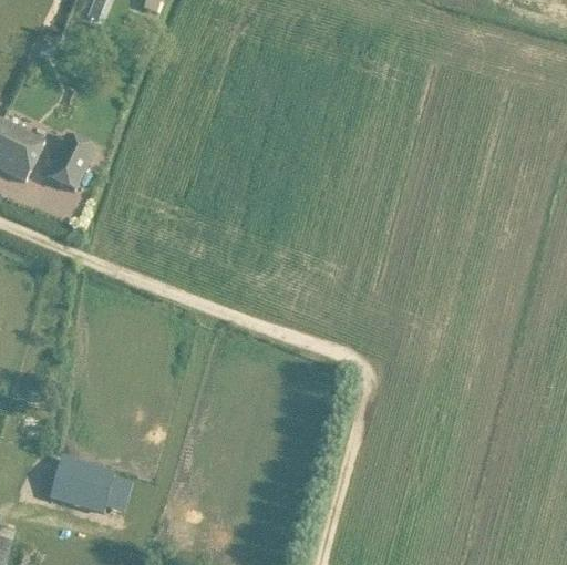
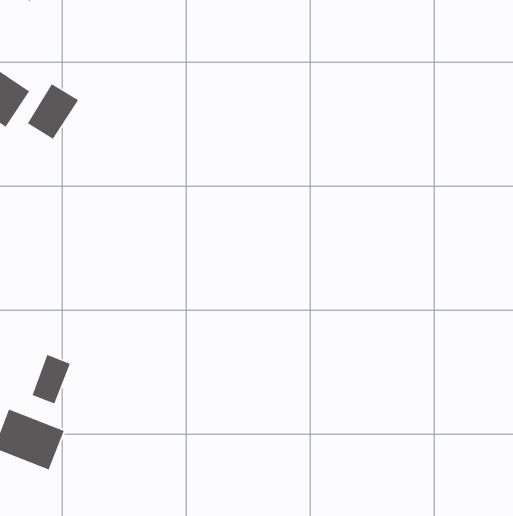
building: none -> [31,354,71,405]

